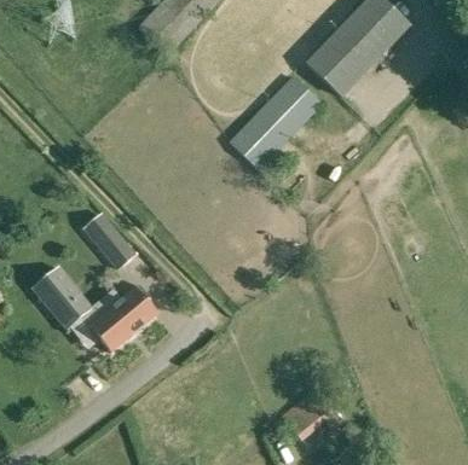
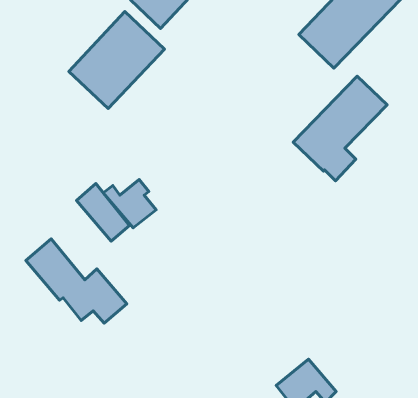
building: none -> [69,11,165,108]
building: [227,75,322,180] -> [293,76,387,181]
building: [103,284,156,332] -> [103,180,156,228]

